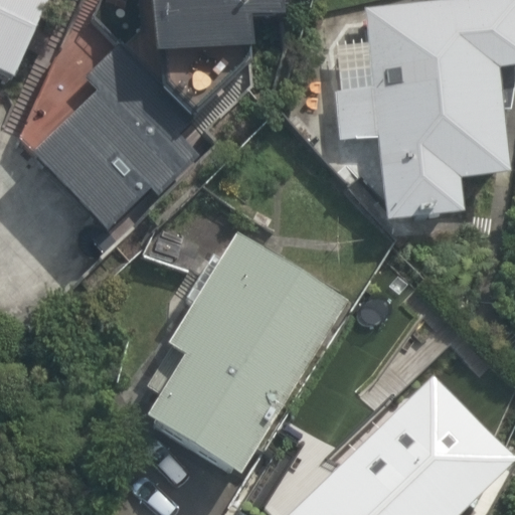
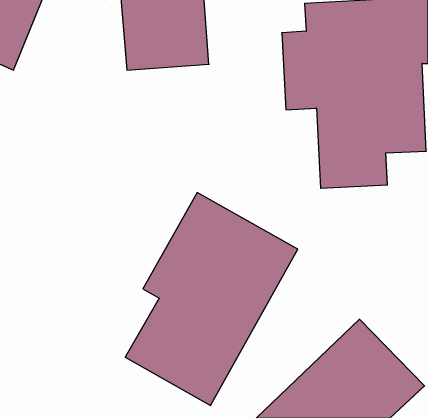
building: [26,58,168,217] -> none

